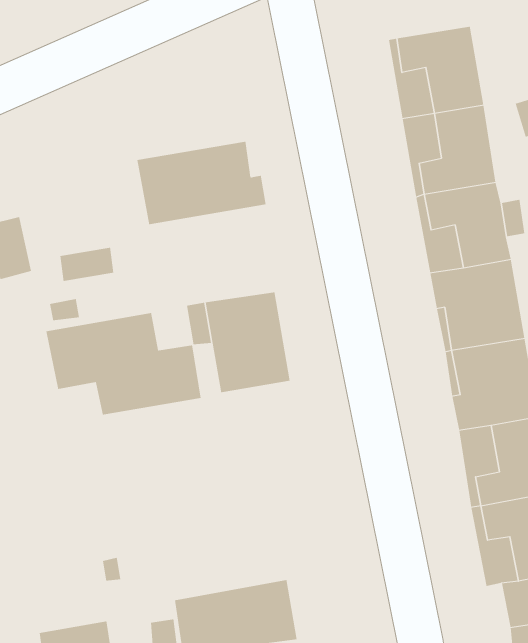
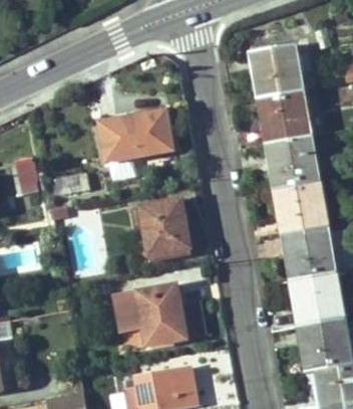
building: [46,312,202,415] -> [113,284,205,345]

